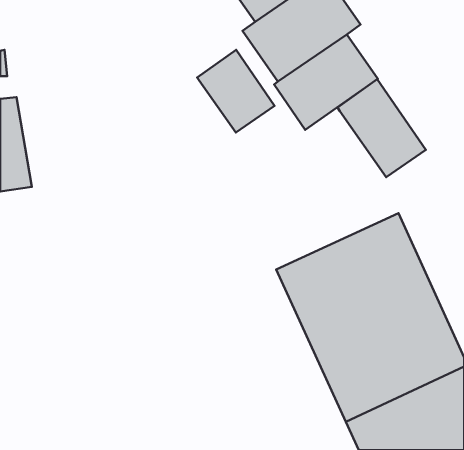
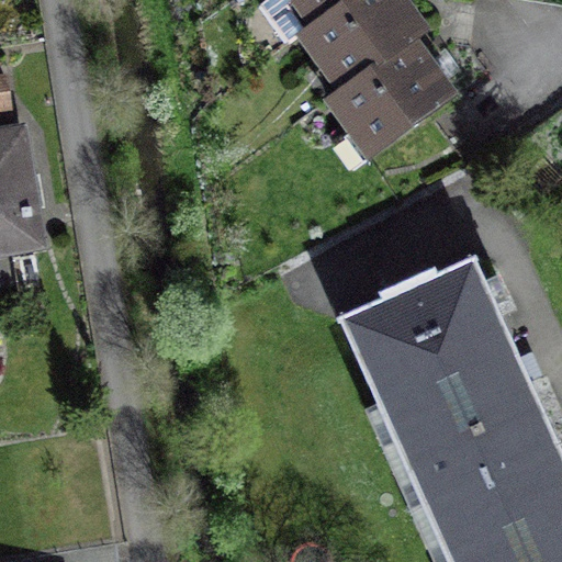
building: [197,50,275,133] -> none
building: [337,79,426,177] -> none

